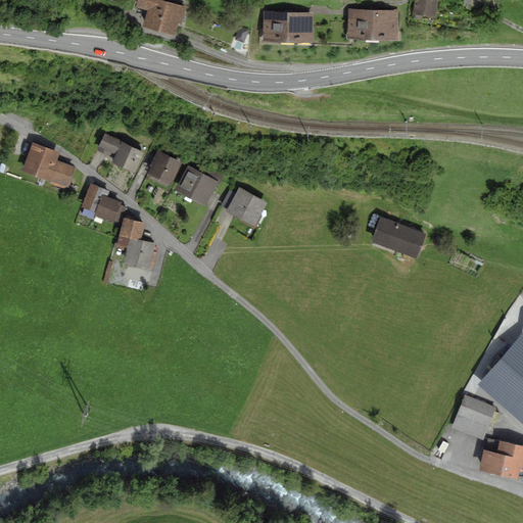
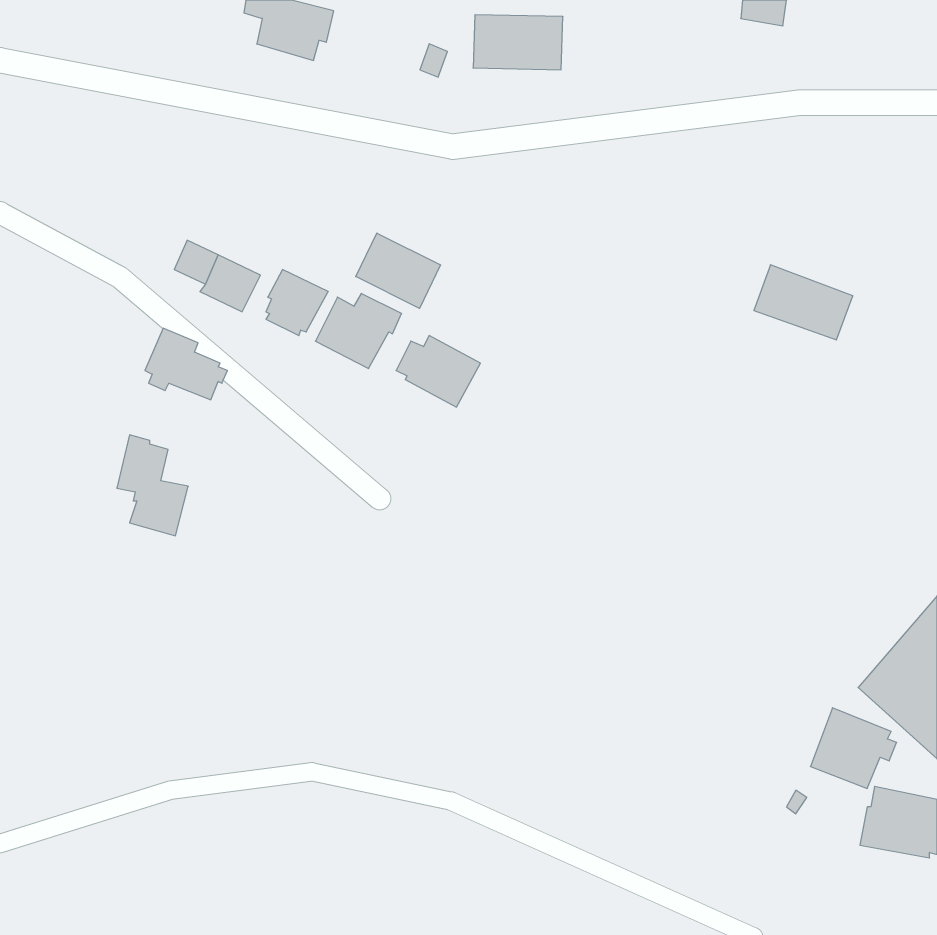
building: [348,7,399,39] -> none
building: none -> [356,233,441,308]
building: [21,143,76,188] -> none
building: [116,216,156,272] -> [117,435,188,536]
building: [371,218,426,259] -> [754,265,853,340]

